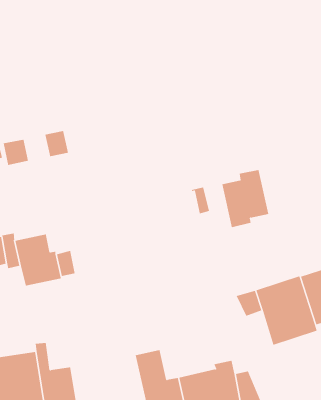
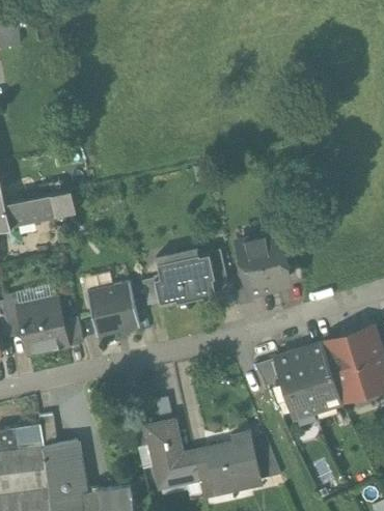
building: none -> [28,193,55,221]
building: none -> [146,253,213,309]
building: none -> [87,281,140,336]

